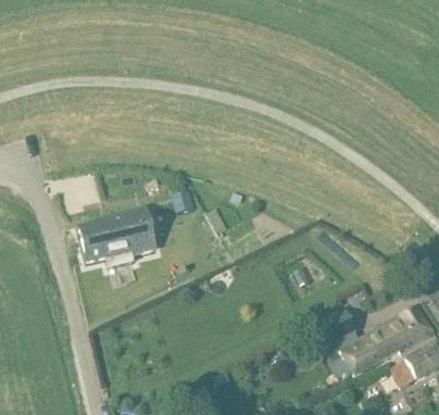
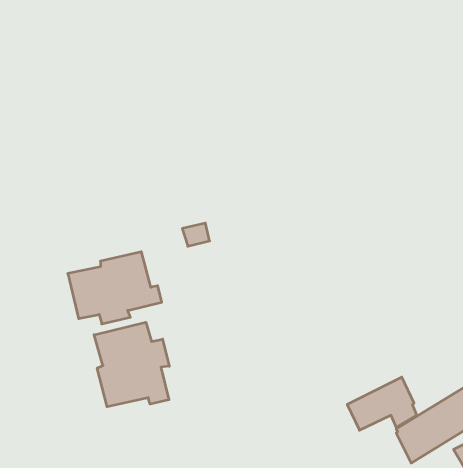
building: none -> [94,322,169,407]

